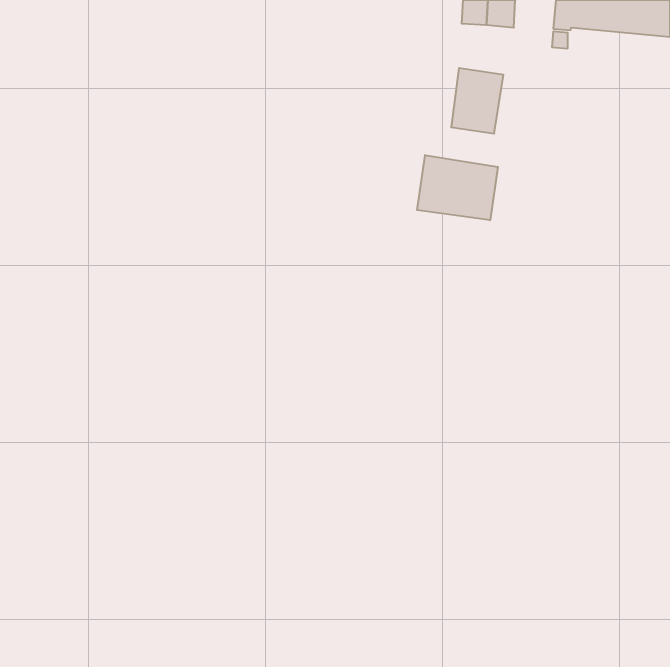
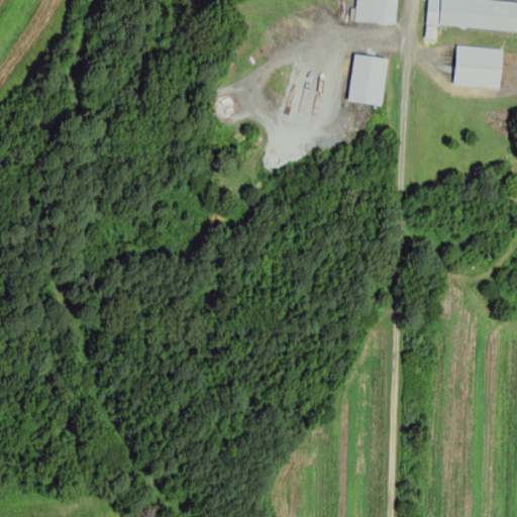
building: none -> [453,45,504,88]
building: [417,155,498,220] -> none

